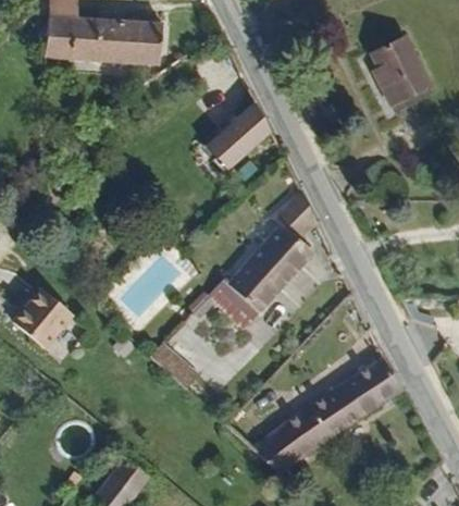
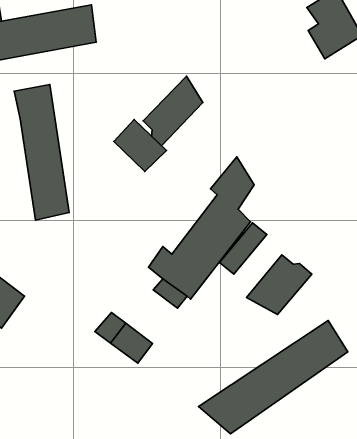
building: none -> [14,84,69,220]
building: none -> [114,120,166,171]
building: none -> [246,255,312,315]

